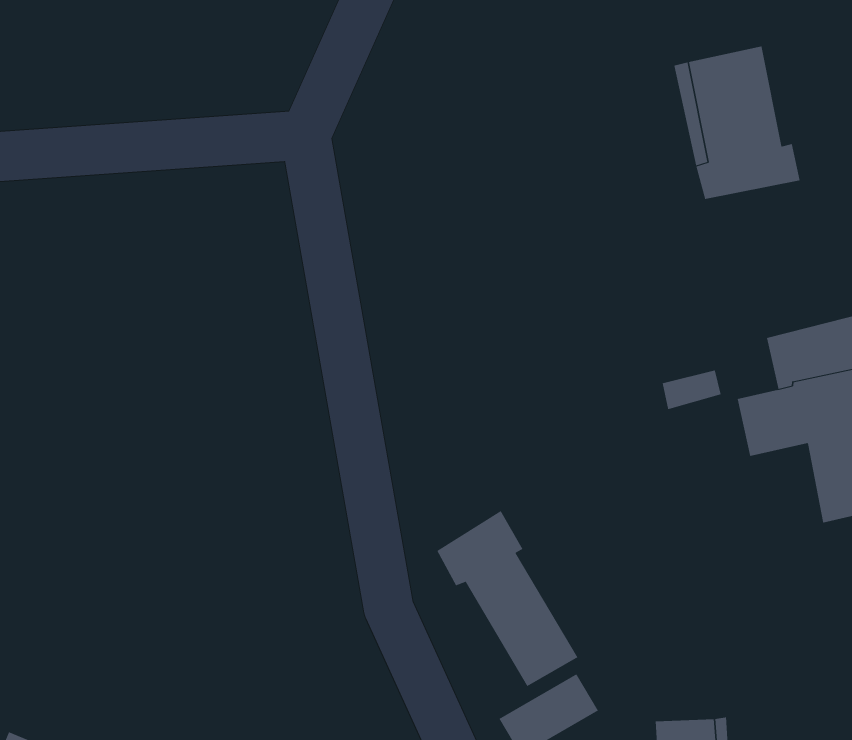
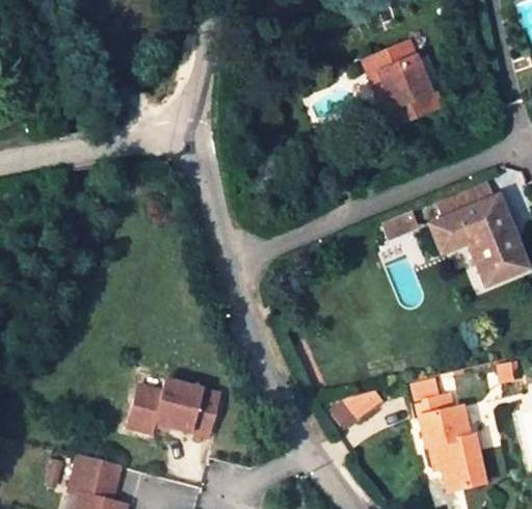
building: [437,510,578,687] -> none
building: none -> [118,382,208,437]

